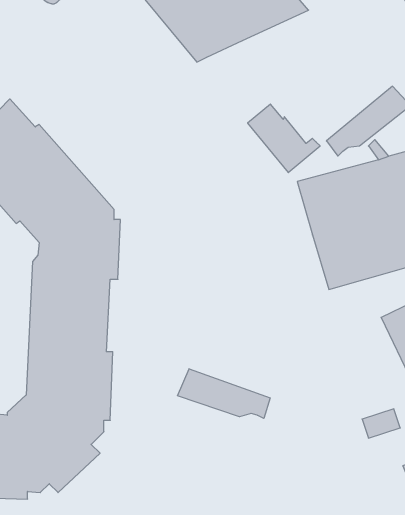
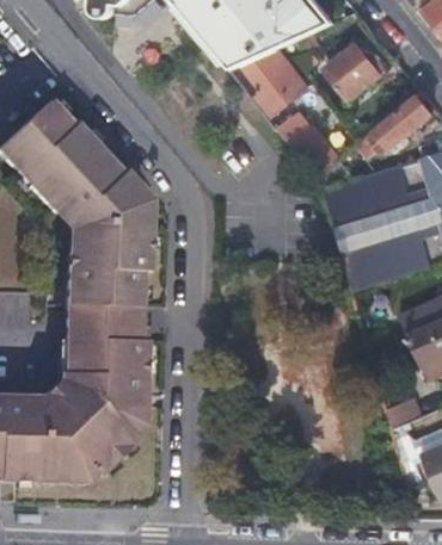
building: none -> [325,47,377,99]
building: none -> [239,51,303,114]
building: [178,369,270,418] -> none

